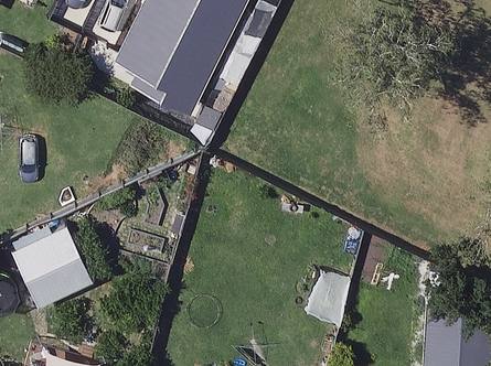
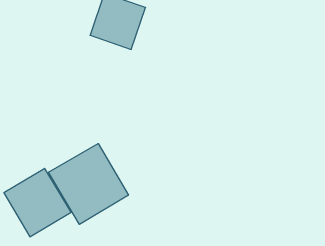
building: none -> [49,144,128,224]

